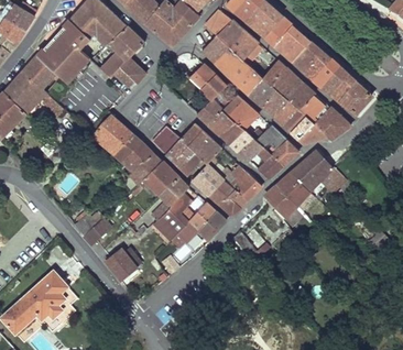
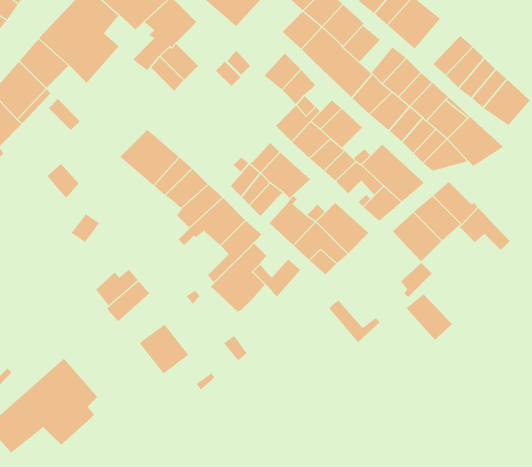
building: [292,41,323,72] -> none
building: [264,185,296,217] -> [406,293,453,341]
building: [175,211,225,242] -> none

